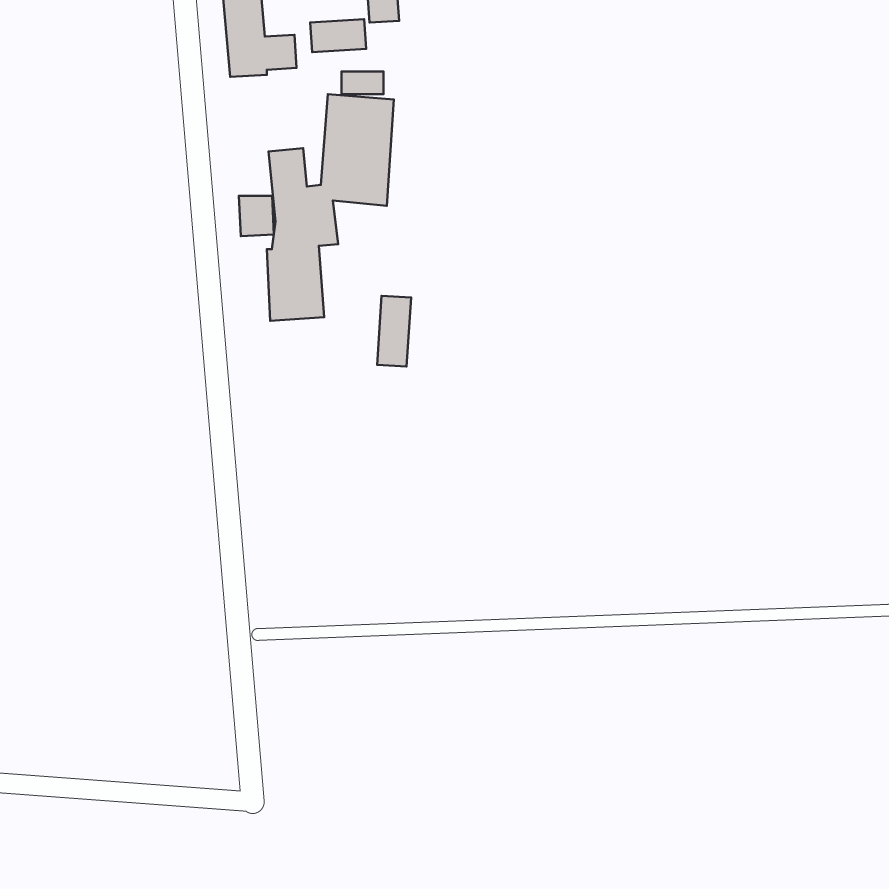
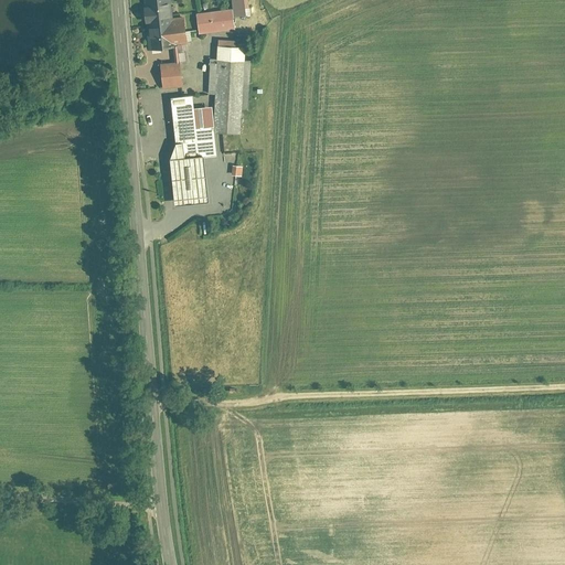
building: [239,196,274,236] -> [159,61,181,86]
building: [377,296,411,367] -> none

